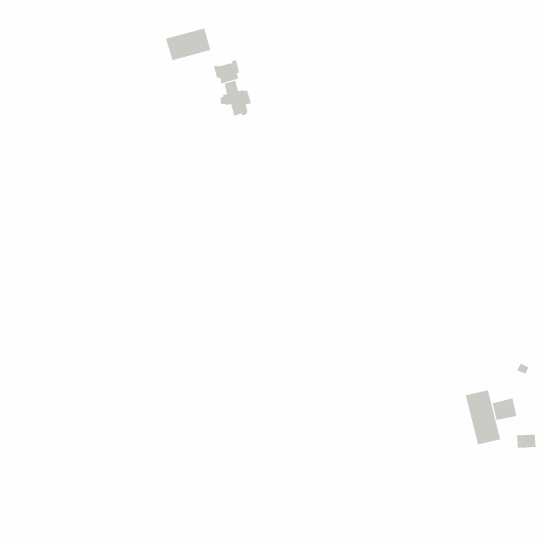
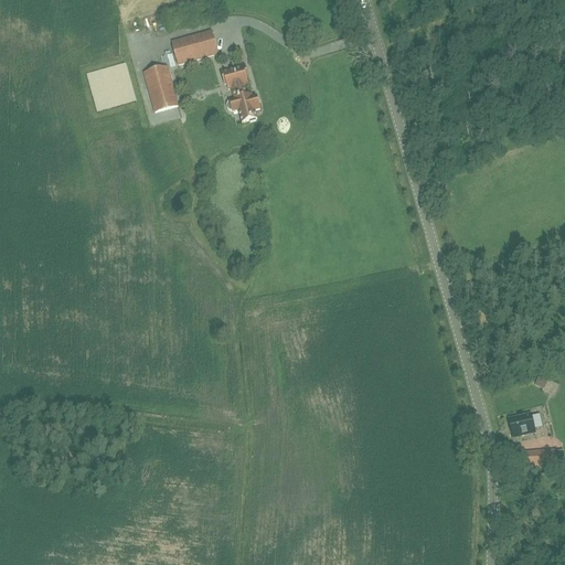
building: none -> [143,64,178,110]
building: [465,389,501,445] -> none

